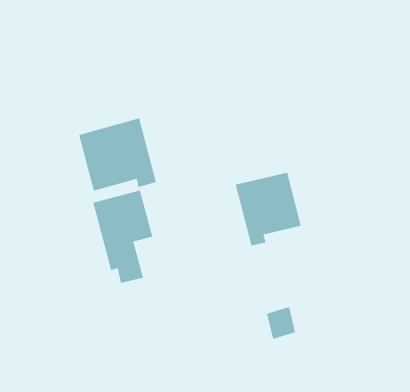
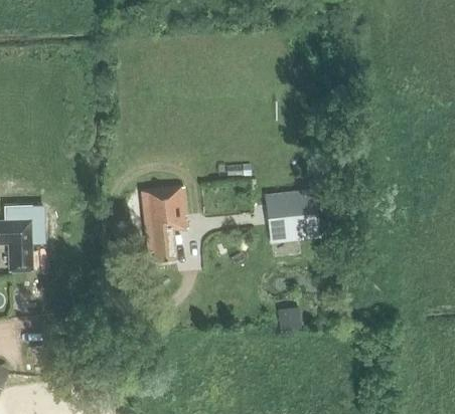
building: [78,117,156,191] -> none

